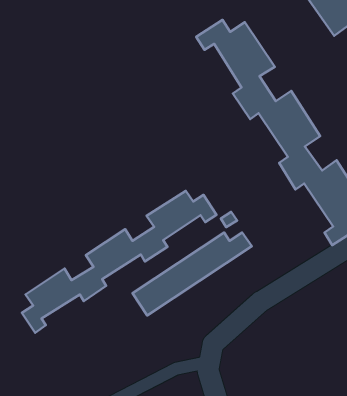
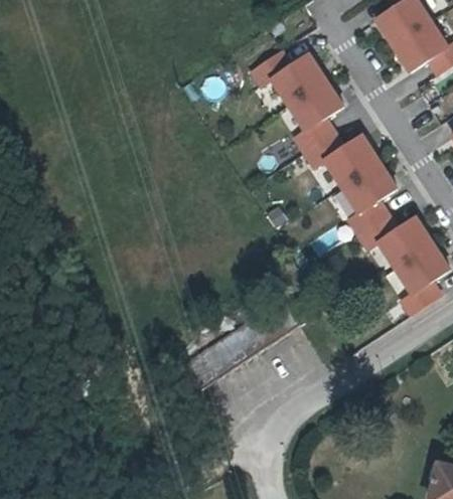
building: [22,191,217,333] -> none

